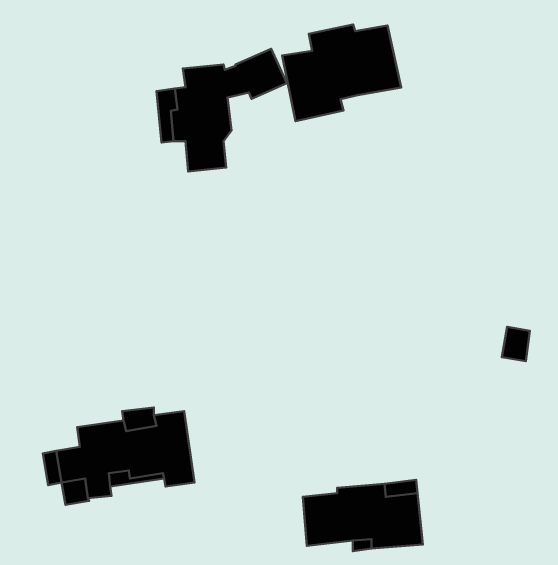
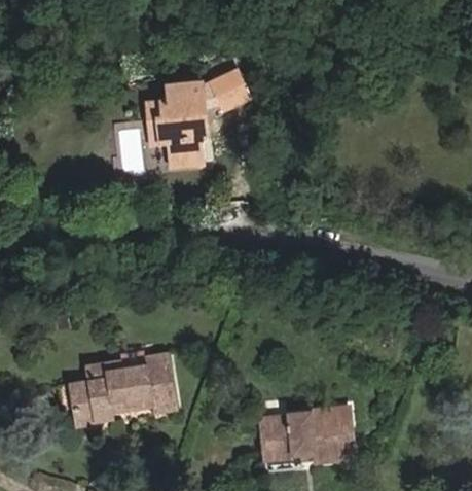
building: [282,24,401,121] -> none

